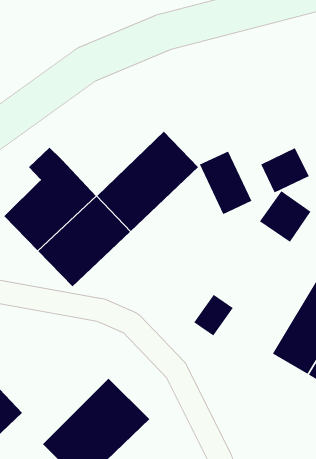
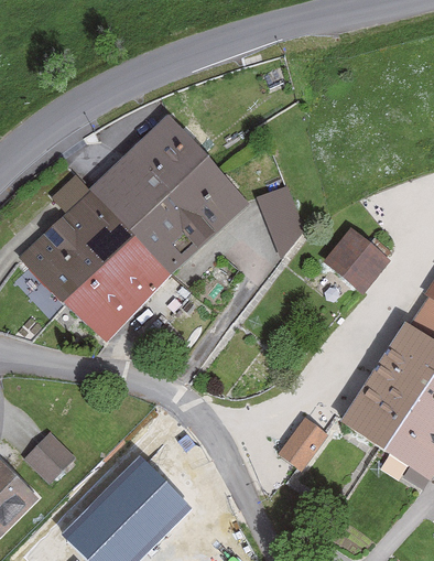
building: none -> [88,117,209,237]
building: [260,147,310,193] -> none
building: [193,294,234,336] -> [281,420,329,471]
building: none -> [25,427,77,478]

